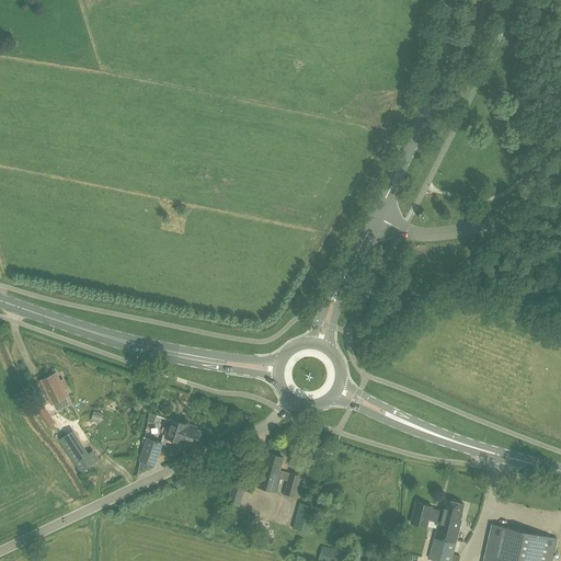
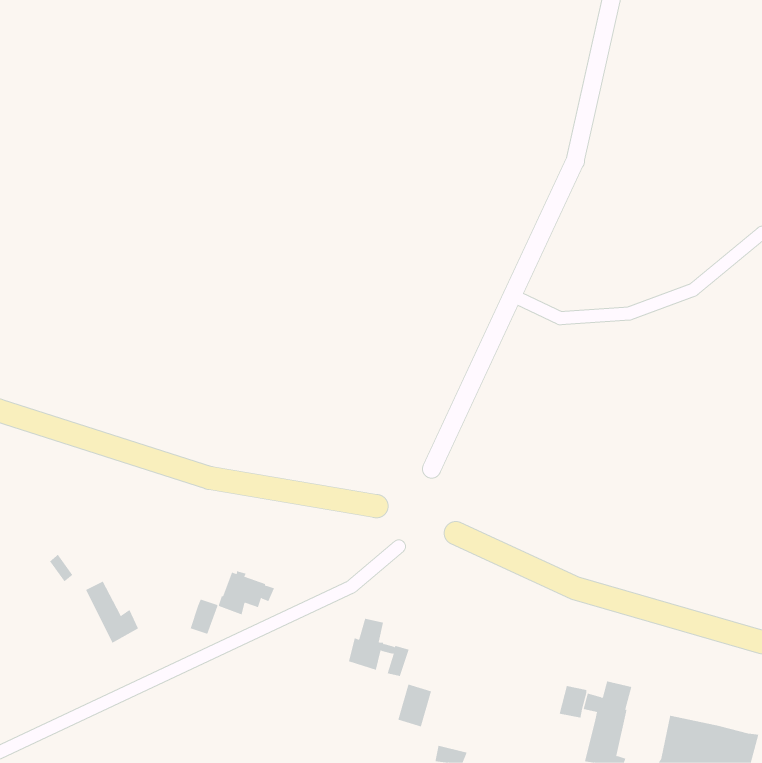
building: [42,375,67,403] -> none

